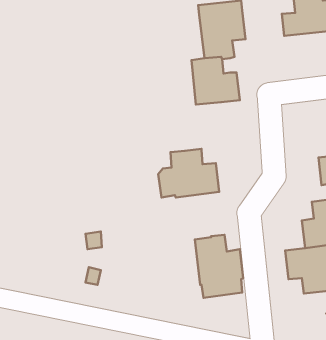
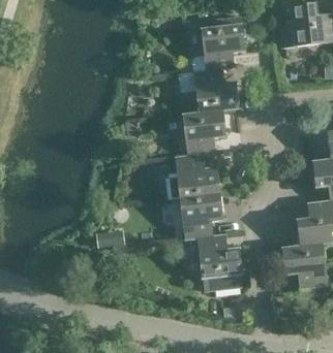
building: none -> [182,109,225,155]
building: none -> [179,193,222,239]

